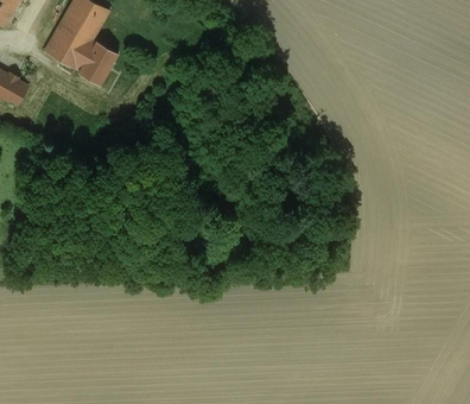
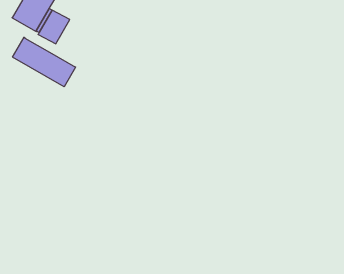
building: none -> [13,37,76,87]

